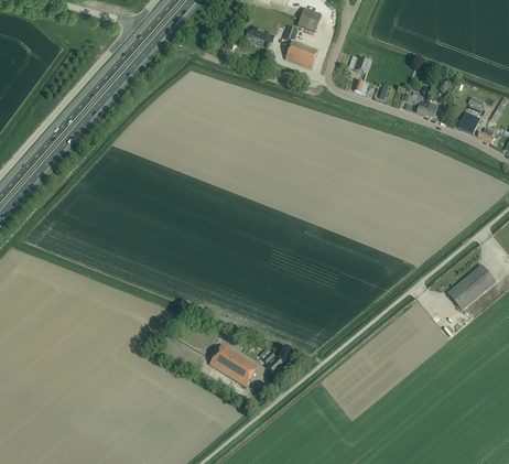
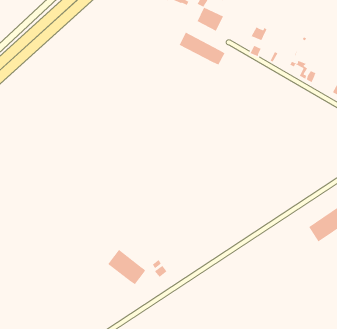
building: none -> [179,32,226,66]

